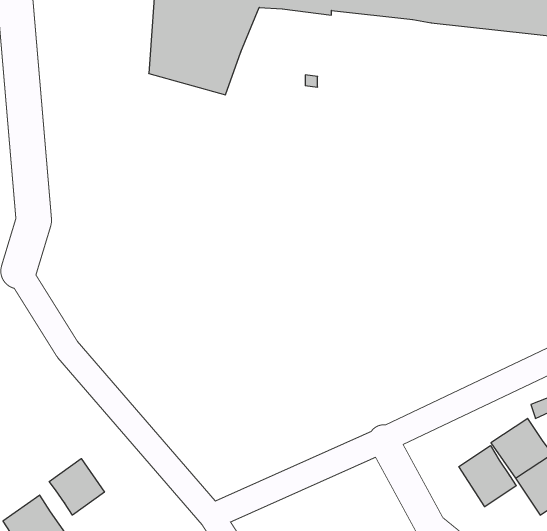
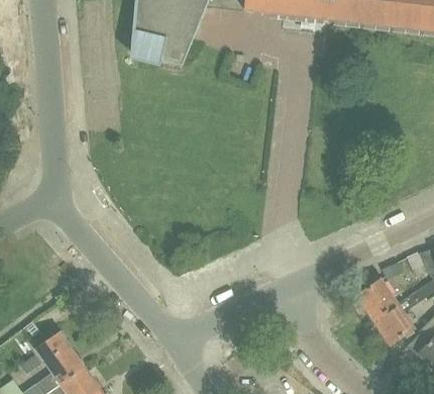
building: [459,446,516,507] -> none
building: [49,459,104,515] -> none

